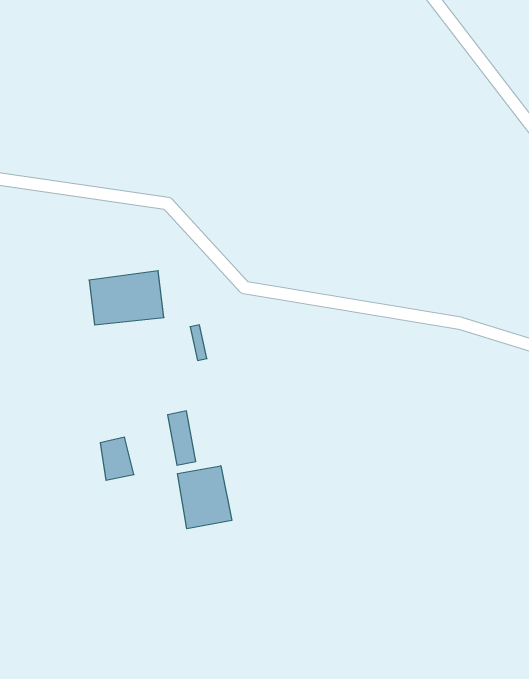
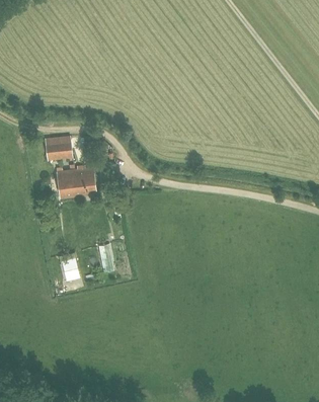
building: none -> [45,136,71,159]
building: [178,466,232,529] -> none

